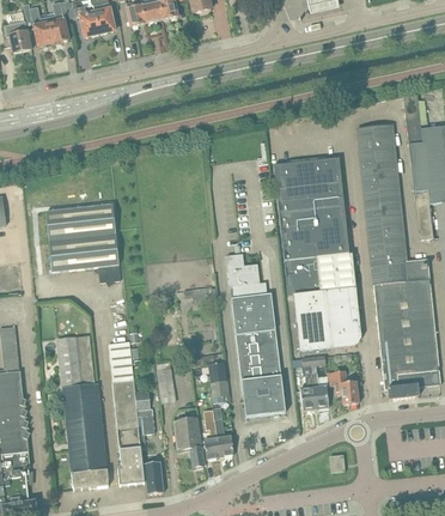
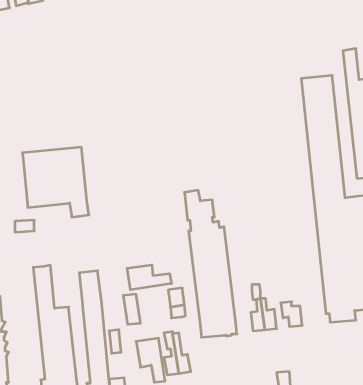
building: [274,156,359,351] -> none
building: none -> [127,265,171,290]

